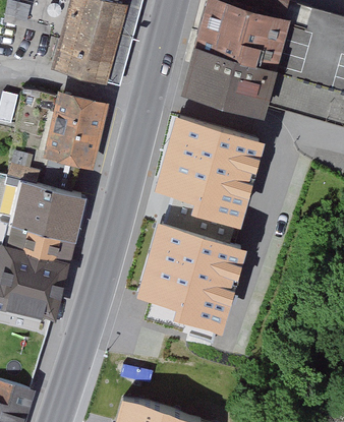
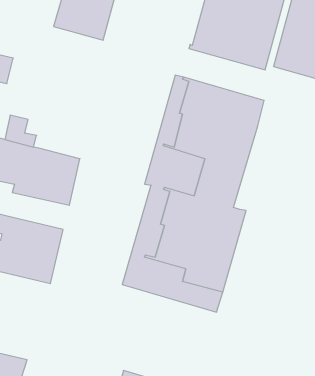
building: [53,96,106,162] -> none
building: [13,226,74,261] -> none

